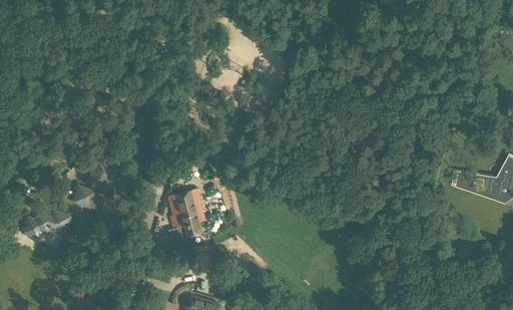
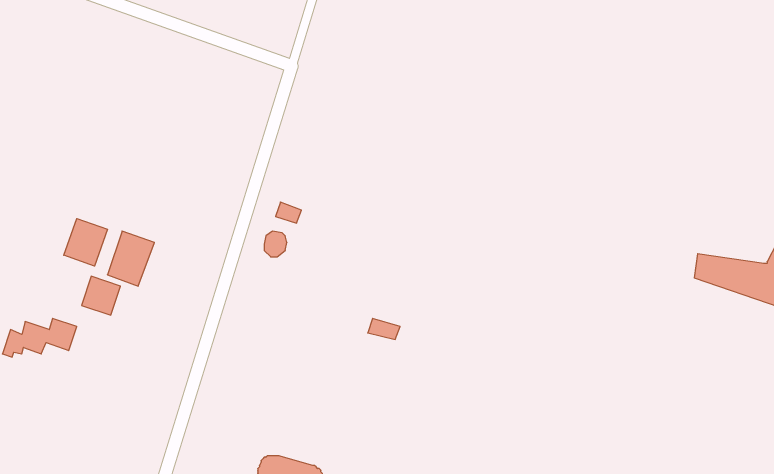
building: none -> [64,219,107,266]
building: [168,189,207,244] -> none

